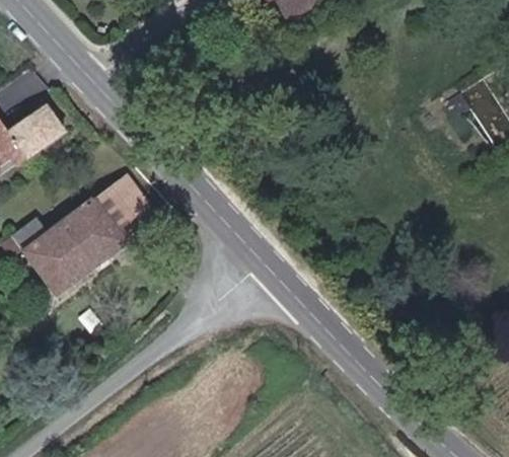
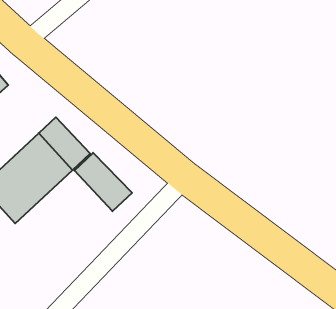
building: none -> [74,153,132,211]

